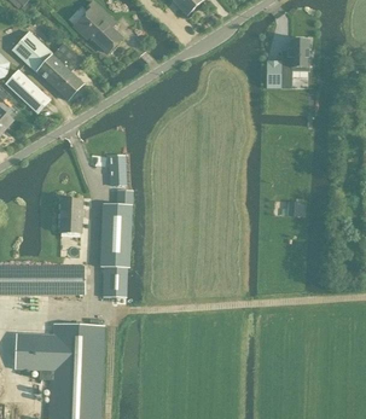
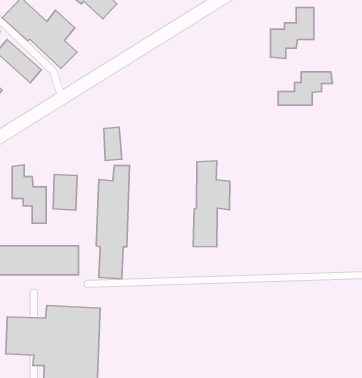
building: none -> [278,72,332,105]
building: none -> [193,161,230,247]
building: none -> [12,165,46,223]

